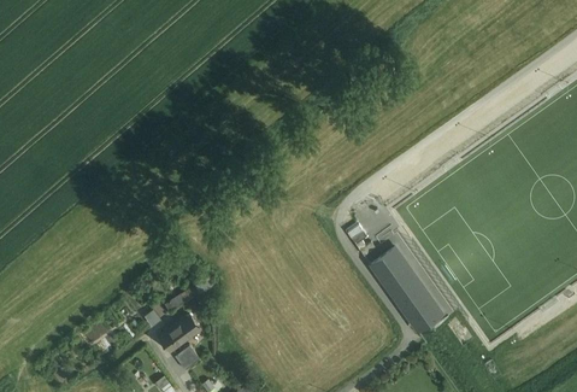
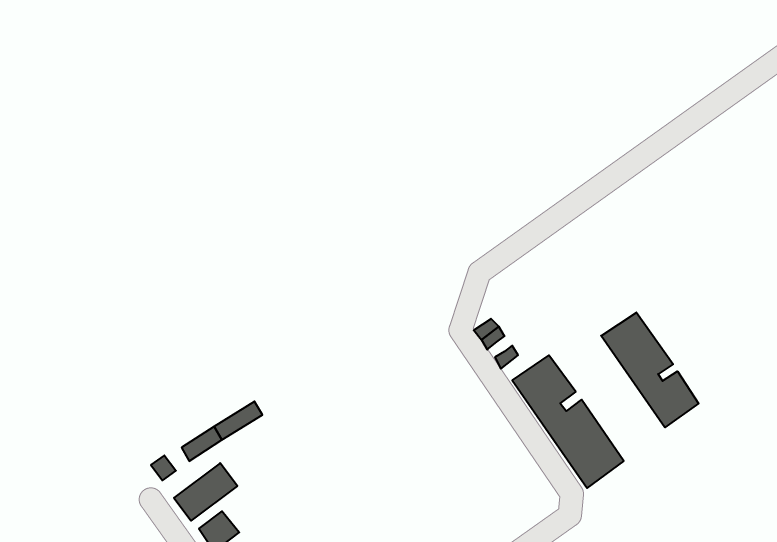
building: none -> [601,312,699,427]

